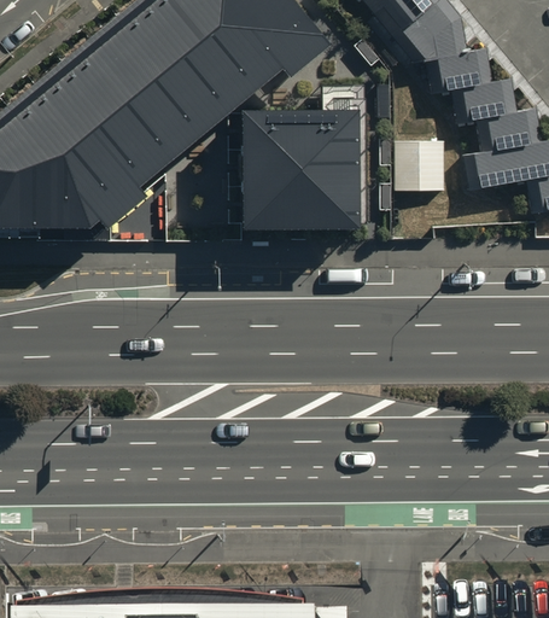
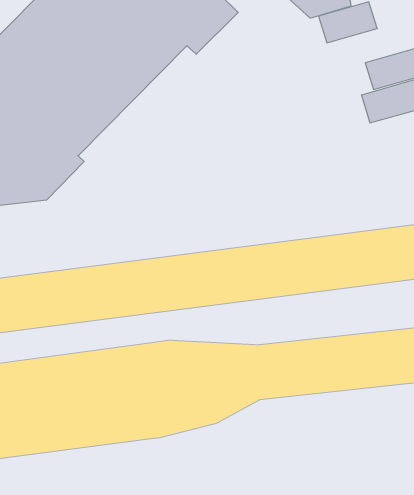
building: [451,80,516,122] -> none
building: [240,109,360,227] -> none
building: [395,144,440,191] -> none

